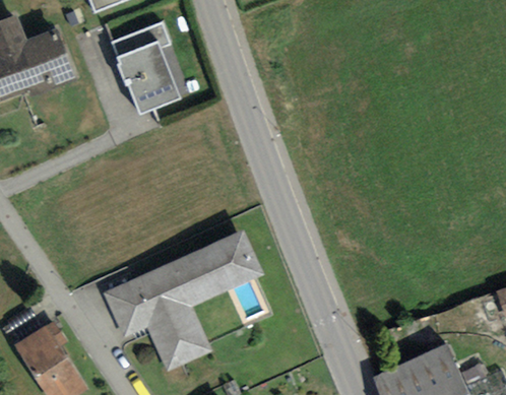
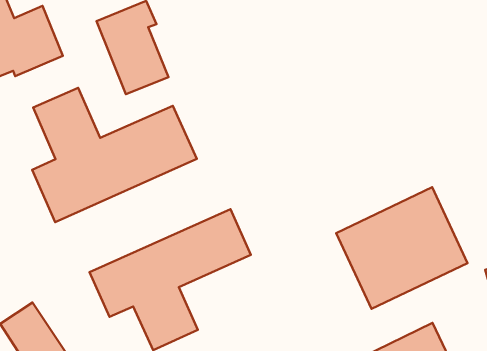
building: none -> [32,88,197,222]
building: none -> [336,187,468,309]

